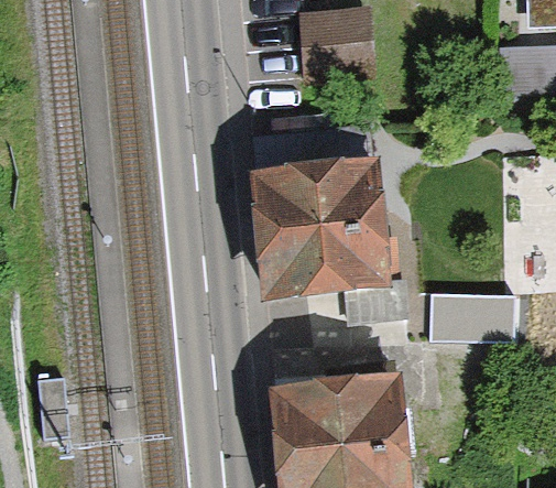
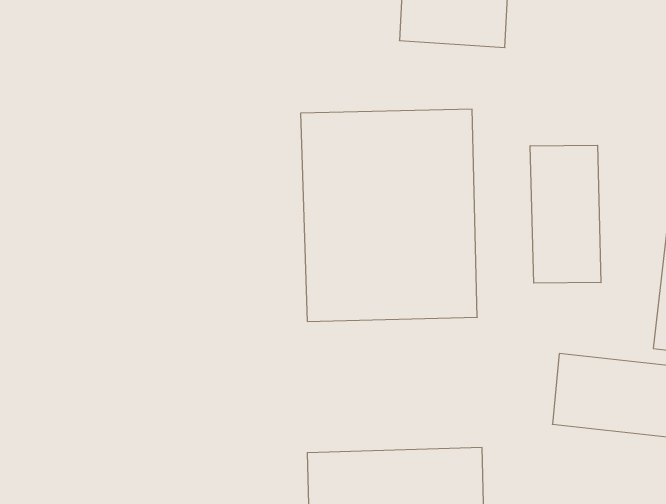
building: none -> [530,145,601,283]

